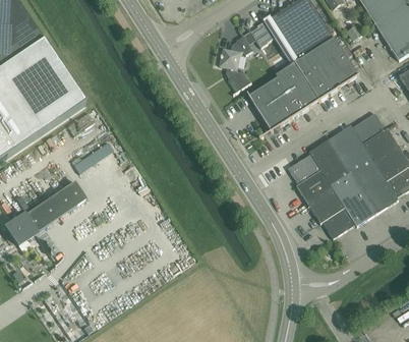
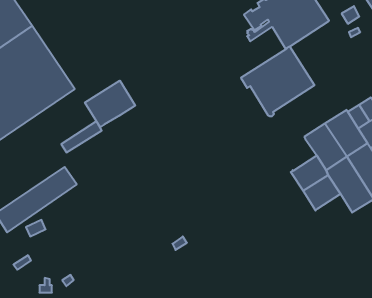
building: [220,36,252,93] -> none
building: [295,38,359,101] -> none
building: none -> [85,81,135,127]
building: [288,154,322,185] -> none
building: [323,208,355,239] -> none

